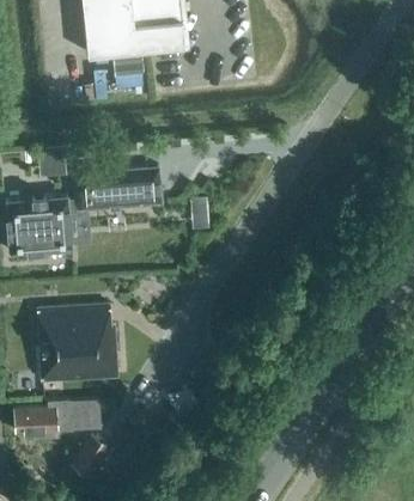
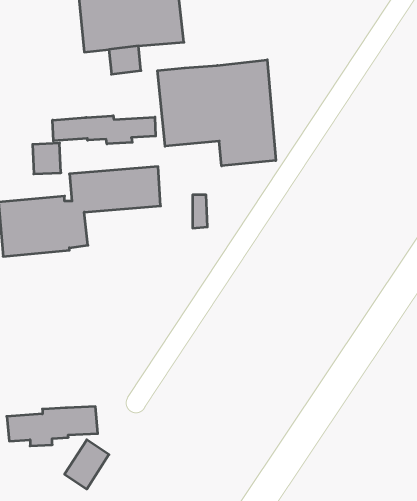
building: none -> [158,60,276,166]
building: none -> [53,116,156,144]
building: [38,305,117,383] -> none

